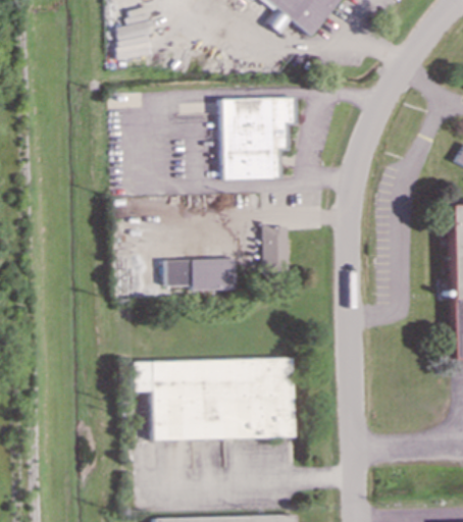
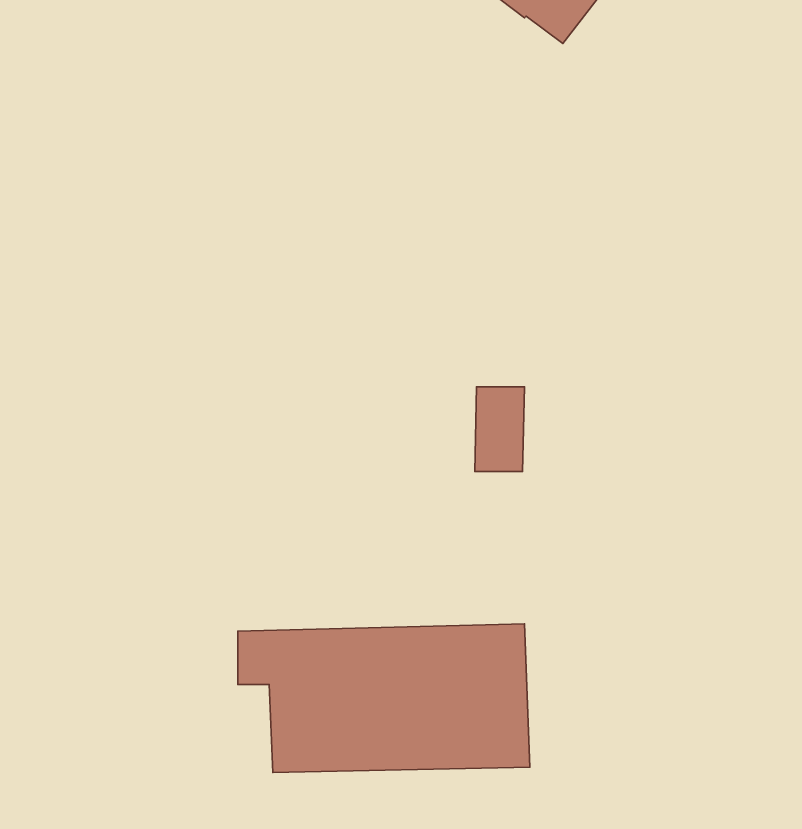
building: [221,96,298,179] -> none
building: [166,257,236,289] -> none

